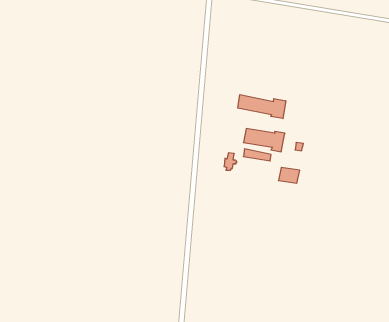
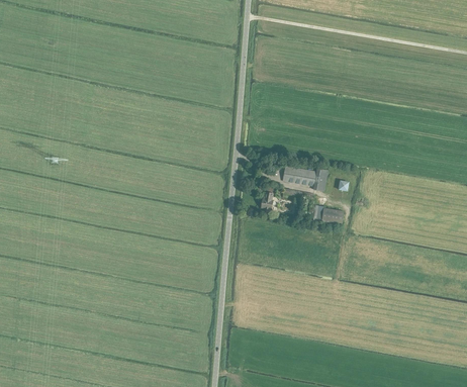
building: [238,95,286,119] -> none

